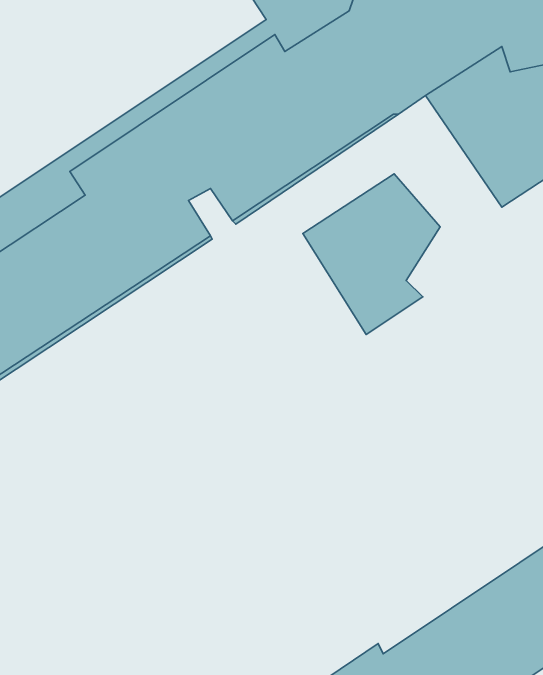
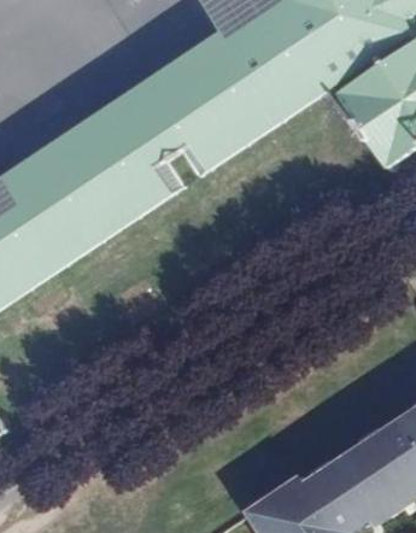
building: [303,174,440,334] -> none

